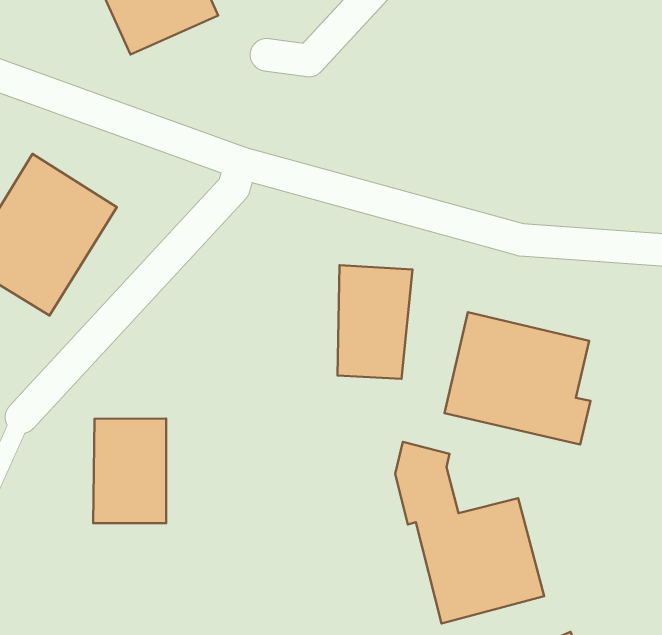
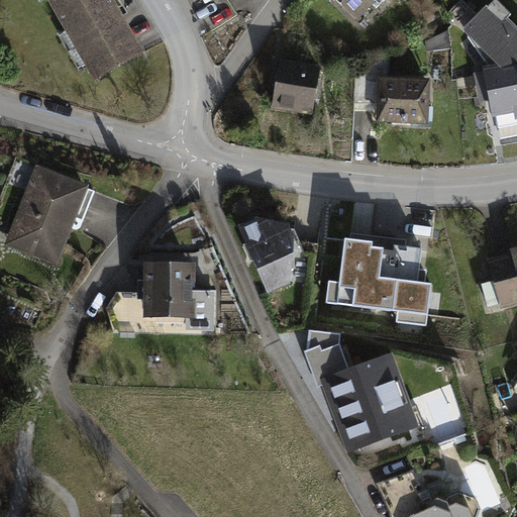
building: none -> [267,56,324,109]
building: none -> [379,66,438,122]
building: [93,418,166,523] -> [145,247,201,323]

